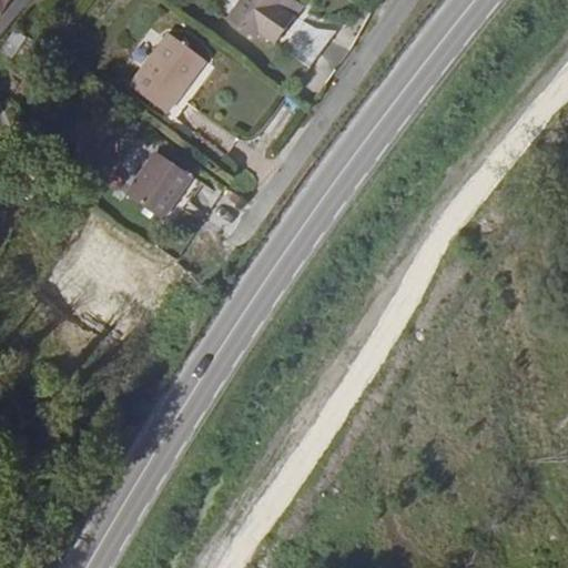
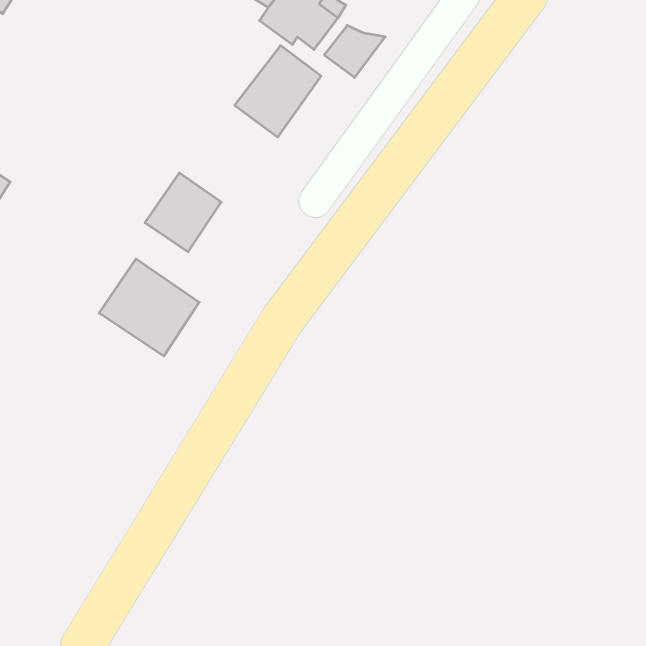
building: [130,33,205,113] -> [235,46,321,137]
building: none -> [99,259,199,356]

